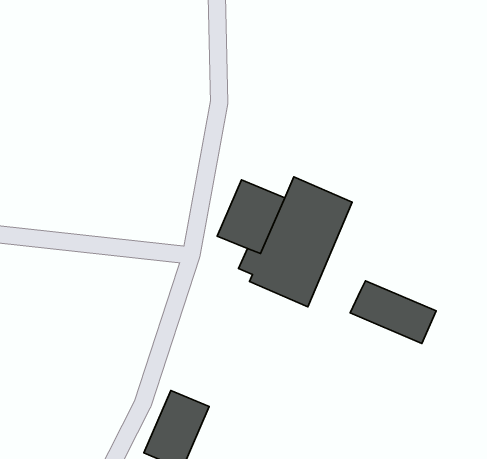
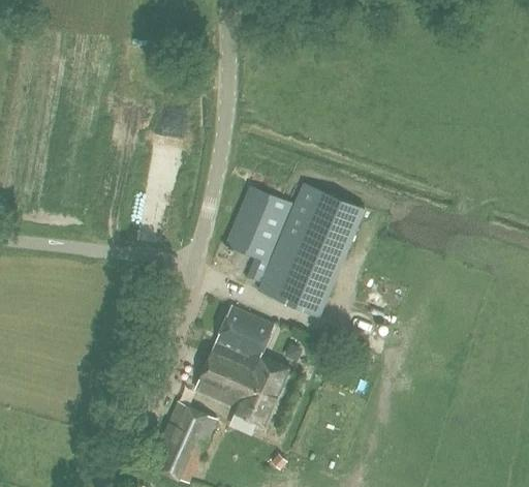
building: [350,281,436,344] -> none
building: none -> [195,307,289,426]

